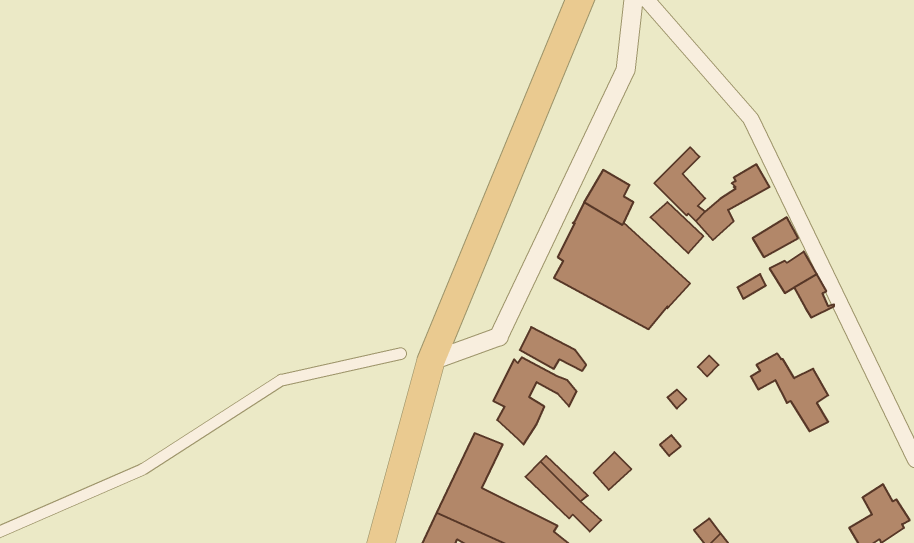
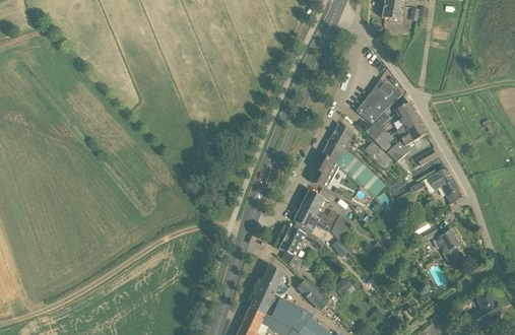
building: none -> [356,78,402,123]
building: none -> [393,102,421,139]
building: none -> [300,190,350,241]

